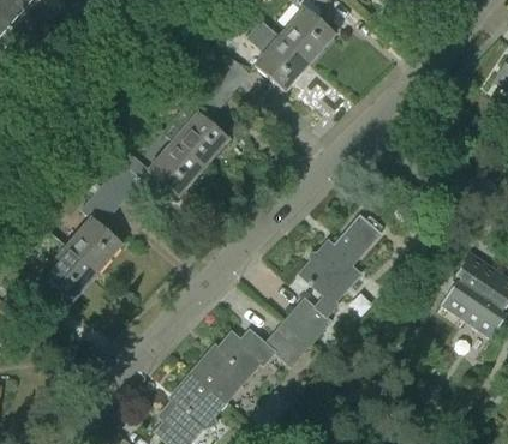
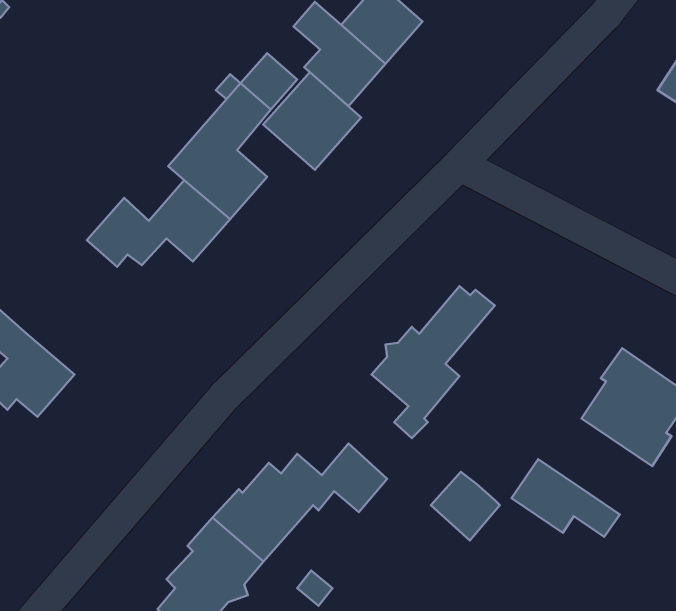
building: none -> [263,72,361,170]
building: [65,182,126,274] -> none
building: [283,298,330,344] -> [431,472,500,541]
building: none -> [512,459,620,537]

